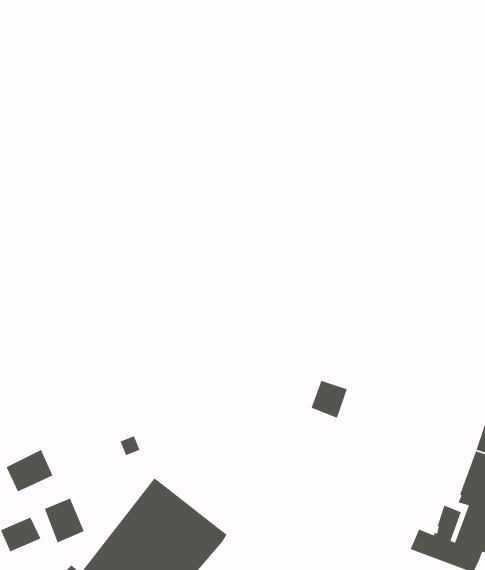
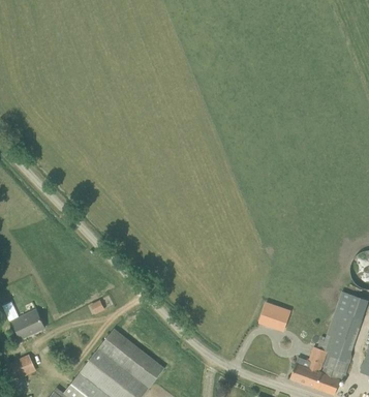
building: [310,380,348,419] -> [258,303,284,330]
building: [44,497,85,544] -> none

